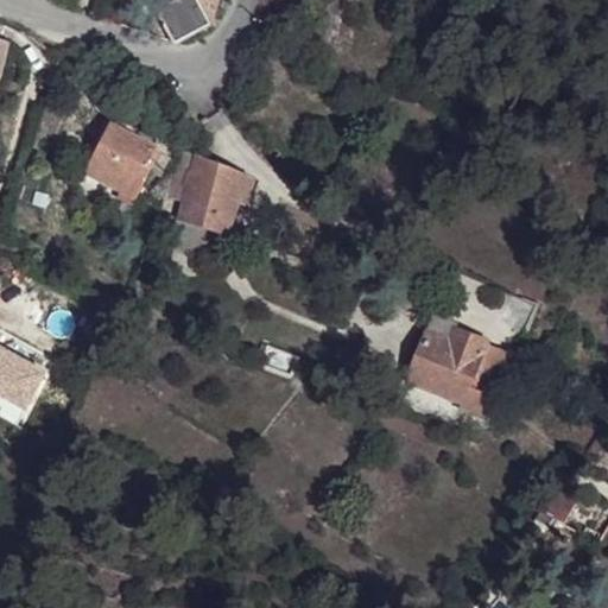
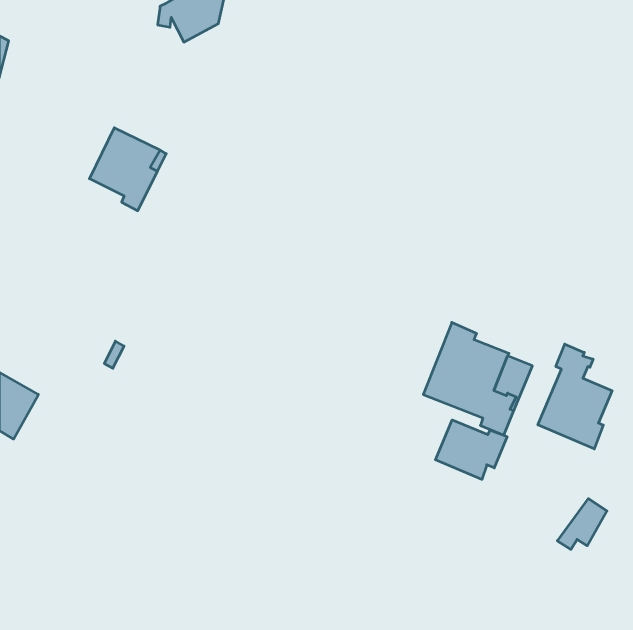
building: [164,147,251,230] -> none
building: none -> [538,344,612,449]
building: none -> [435,420,507,479]

